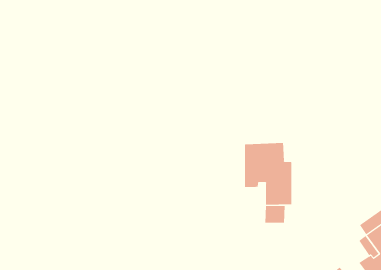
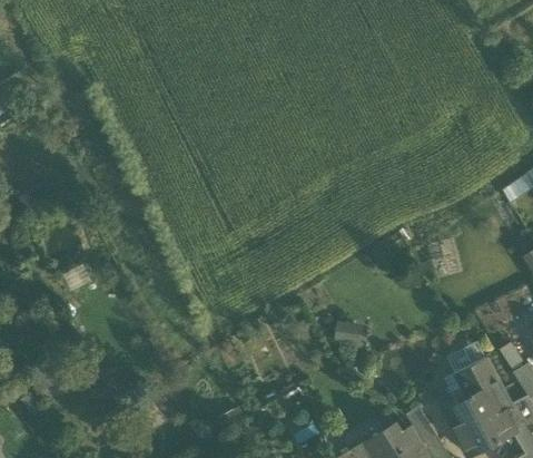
building: [245,142,292,205] -> none

